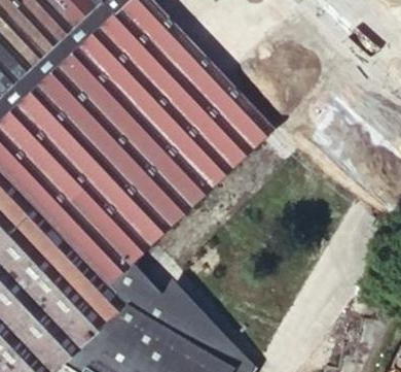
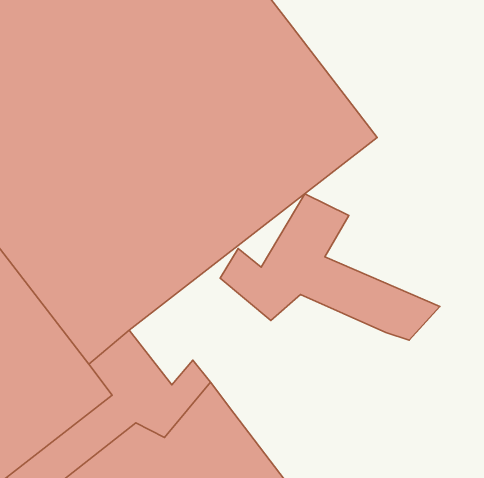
building: none -> [220,194,440,340]

